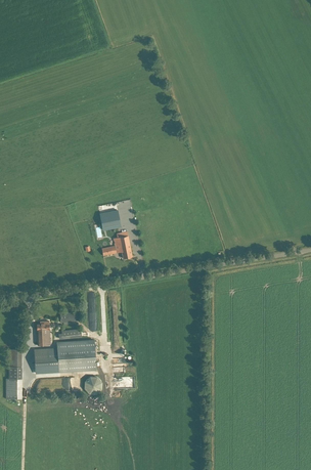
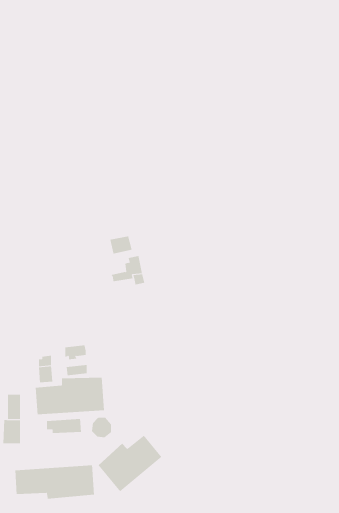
building: none -> [98,435,162,492]
building: none -> [15,465,94,500]

